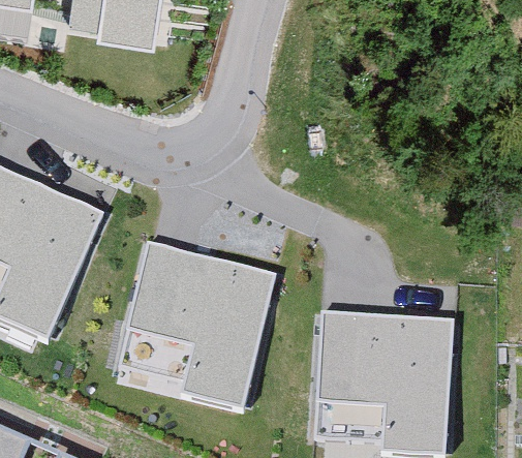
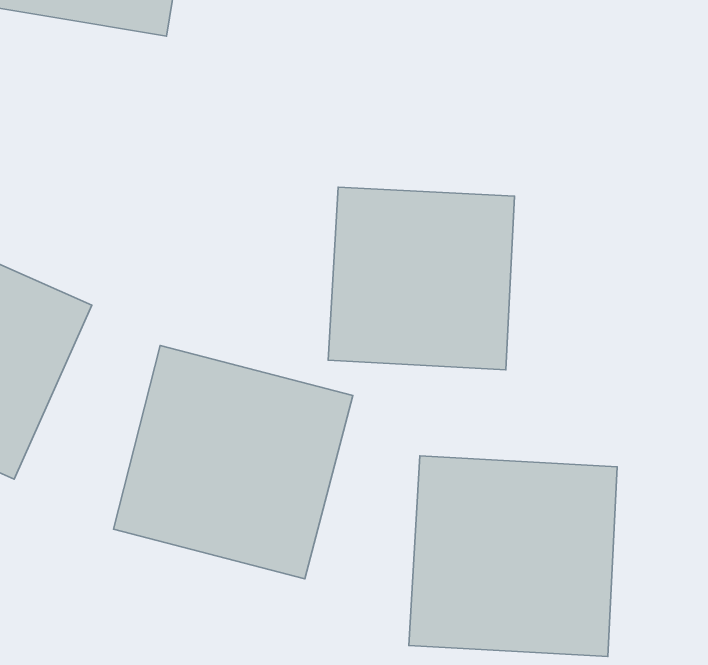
building: none -> [328,187,515,370]

